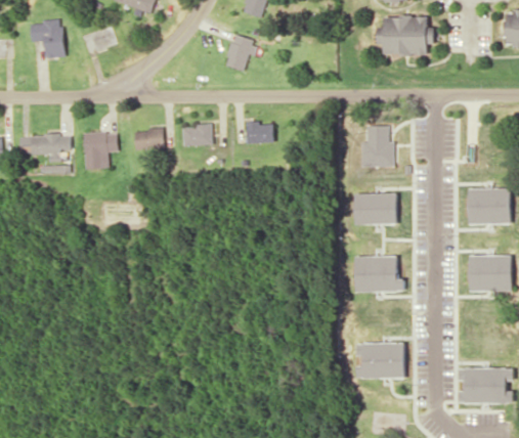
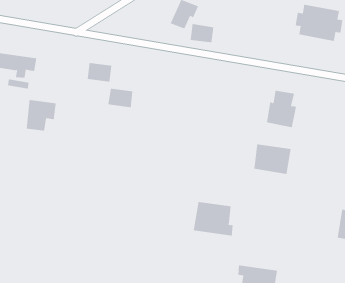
building: [245,123,273,143] -> [190,23,214,43]
building: [182,125,212,146] -> [107,88,133,108]
building: [83,132,118,169] -> [26,100,56,131]
building: [354,256,403,293] -> [193,201,234,236]

